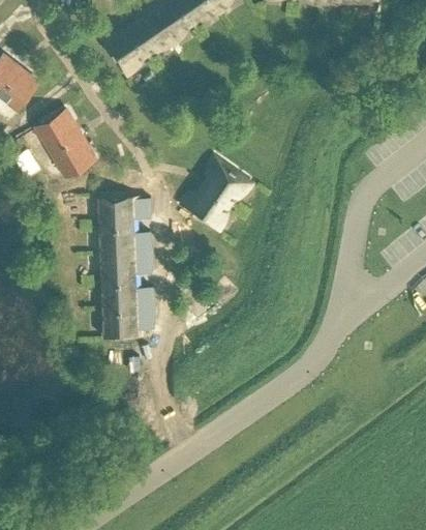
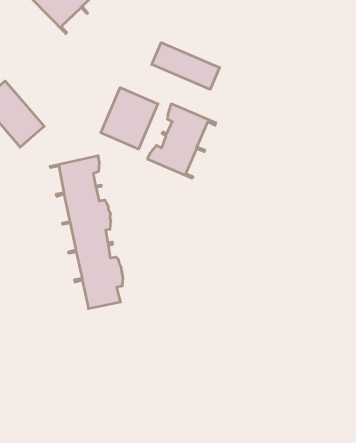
building: none -> [152,43,220,89]
building: none -> [101,88,158,149]

